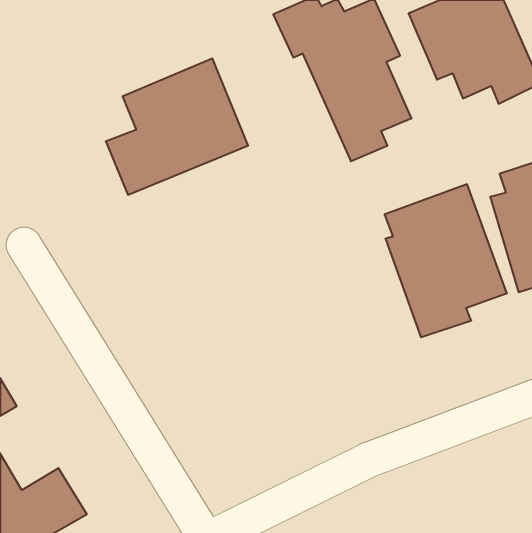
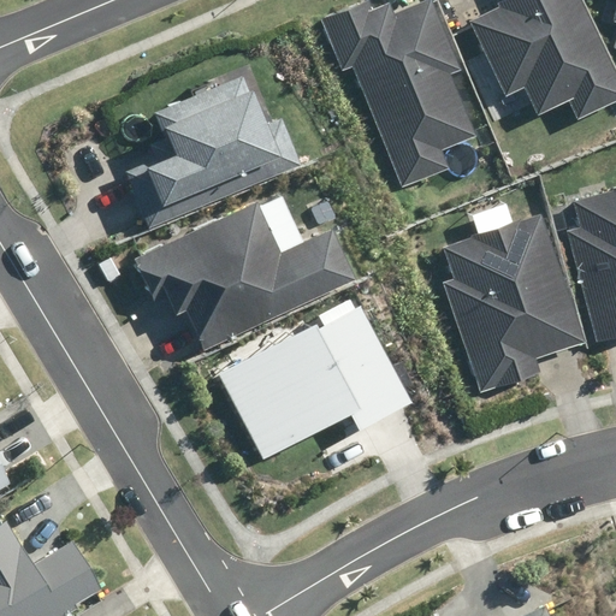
building: none -> [128,201,354,359]
building: none -> [211,297,421,458]

